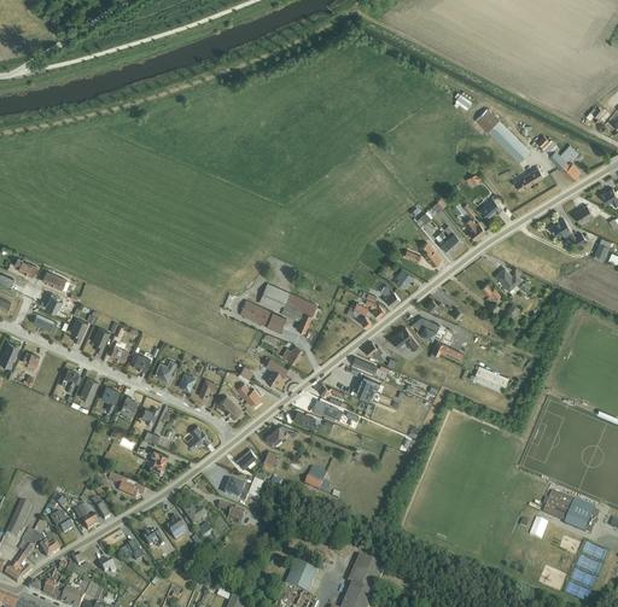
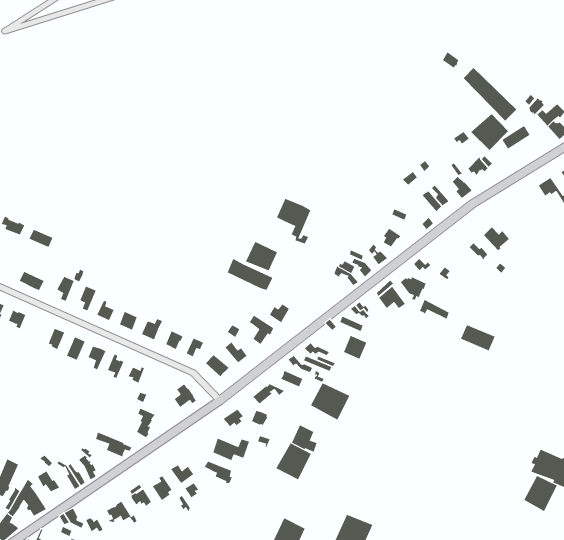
building: none -> [470,113,509,151]
building: [281,293,316,339] -> [276,198,311,244]
building: none -> [310,382,350,421]
building: none -> [275,442,311,480]
building: none -> [524,475,558,512]

